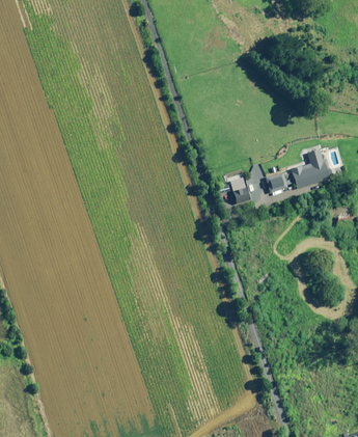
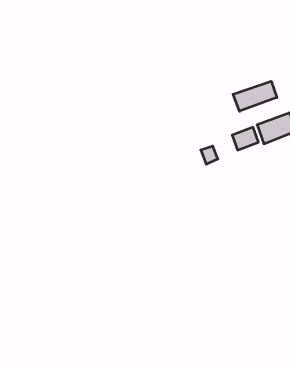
building: none -> [233,81,277,111]

